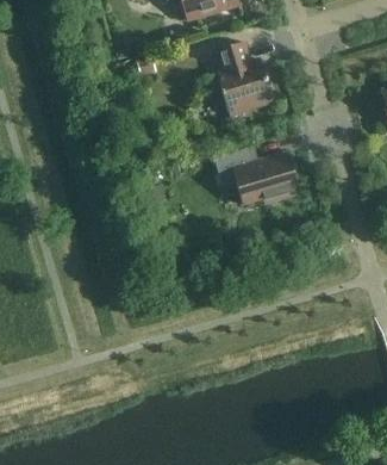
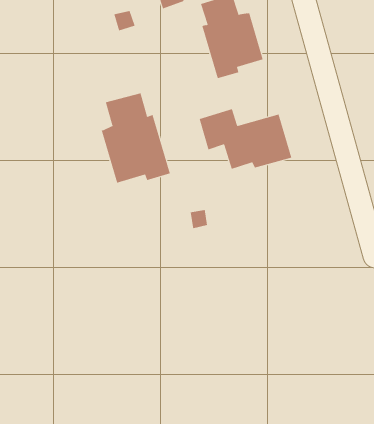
building: none -> [101,92,171,183]

